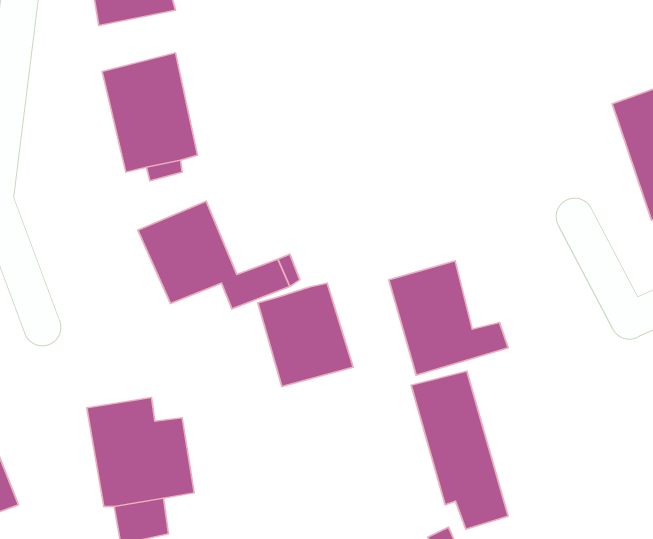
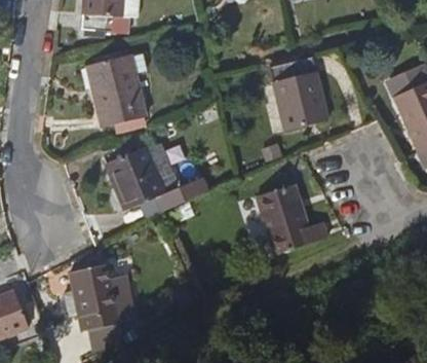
building: none -> [262,47,324,125]
building: [258,283,353,387] -> none
building: [411,371,508,529] -> none

